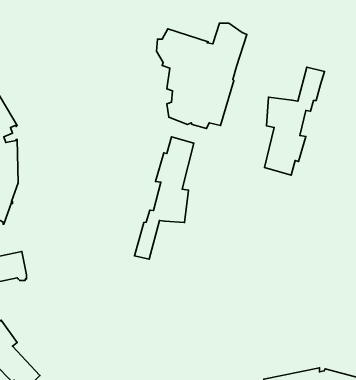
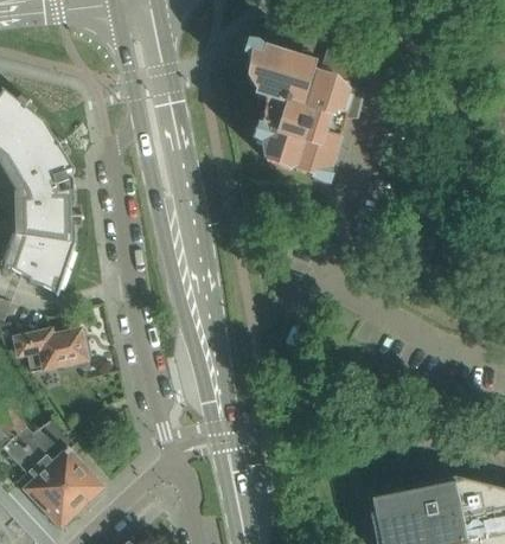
building: [265,67,324,175] -> none
building: [134,137,194,259] -> none

